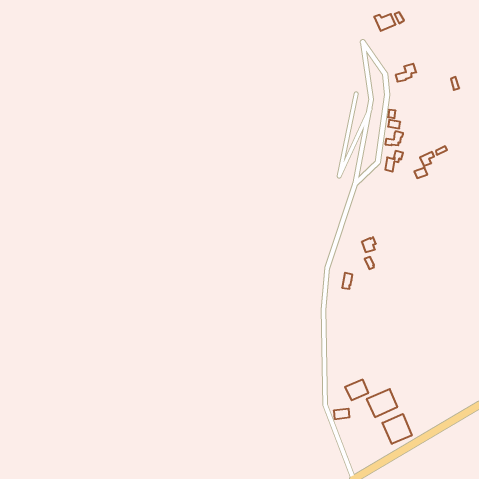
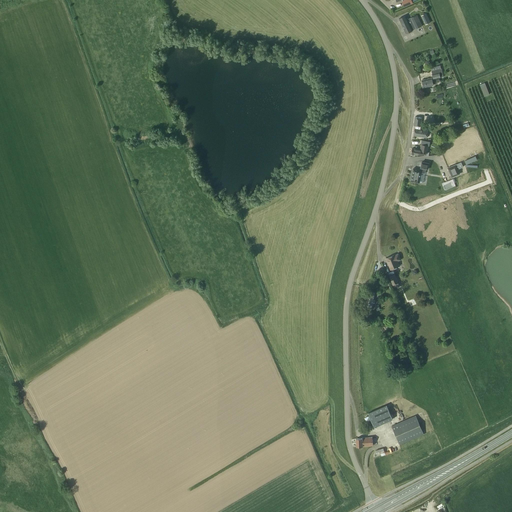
building: [382,414,412,444] -> none

